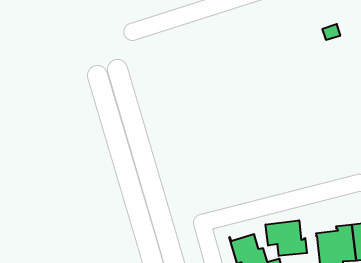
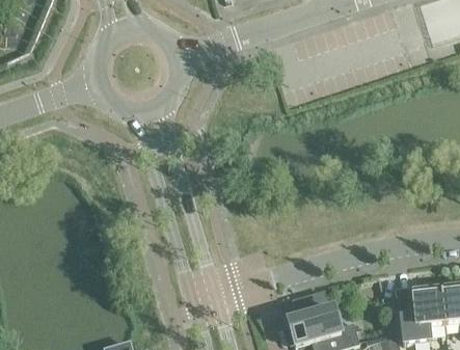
building: [266,220,307,256] -> none

